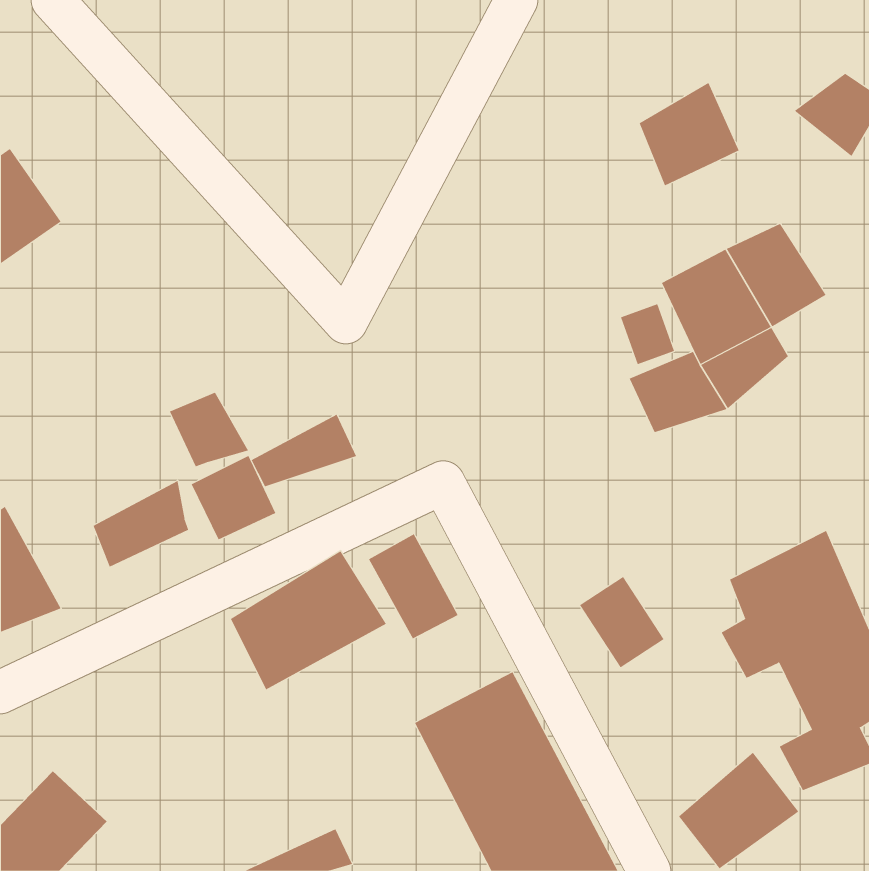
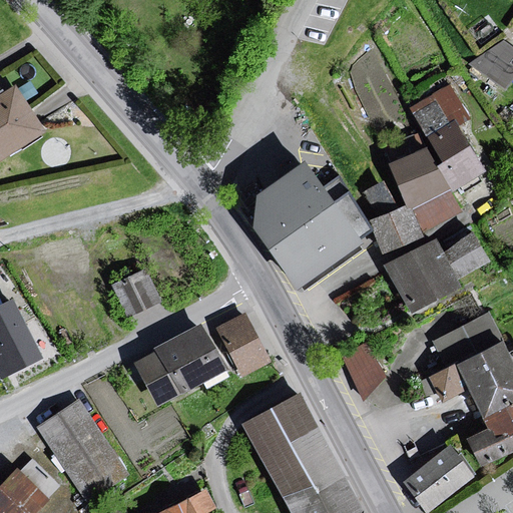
building: [639,82,739,186] -> [413,85,472,146]
building: none -> [256,162,364,287]
building: [169,392,249,467] -> none
building: none -> [387,233,492,313]
building: [251,414,357,487] -> none
building: [93,480,189,568] -> none
building: none -> [32,400,123,505]

